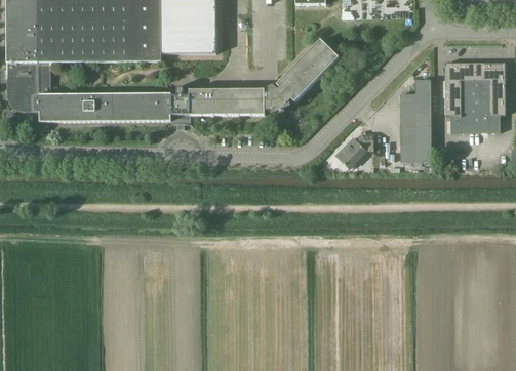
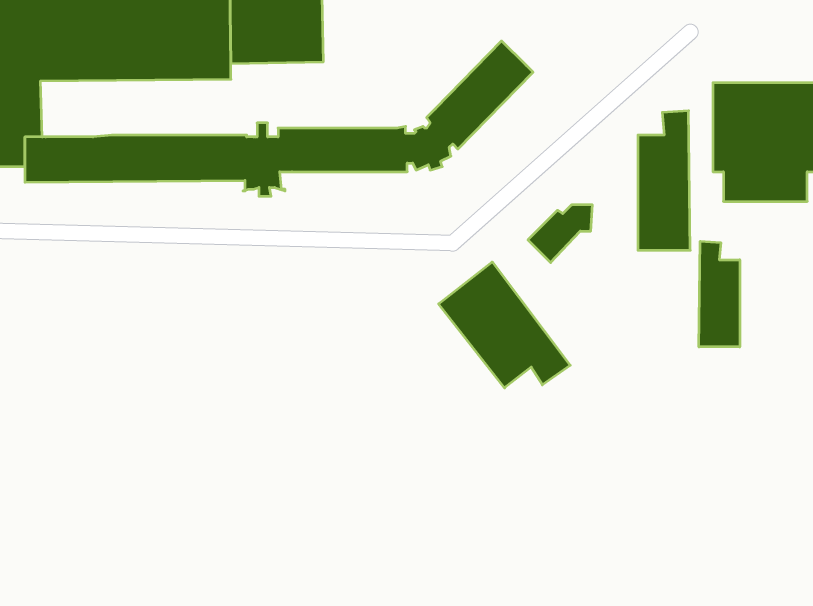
building: none -> [699,241,740,347]
building: none -> [439,262,570,388]

